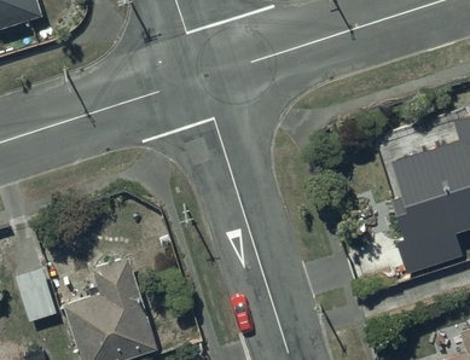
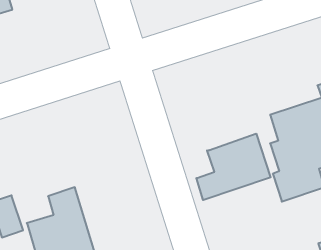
building: none -> [196,134,271,200]

